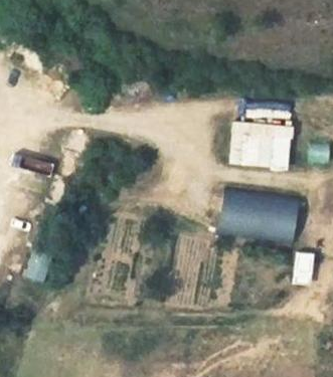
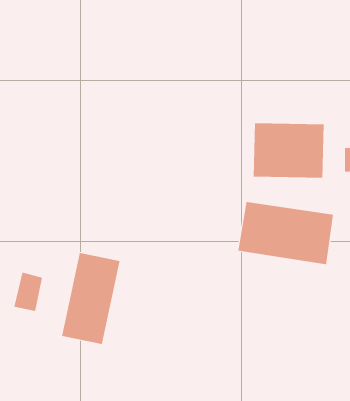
building: none -> [62,252,120,345]

